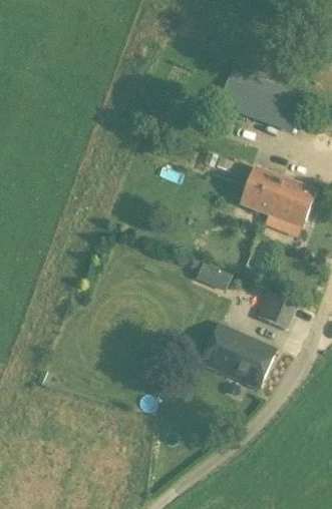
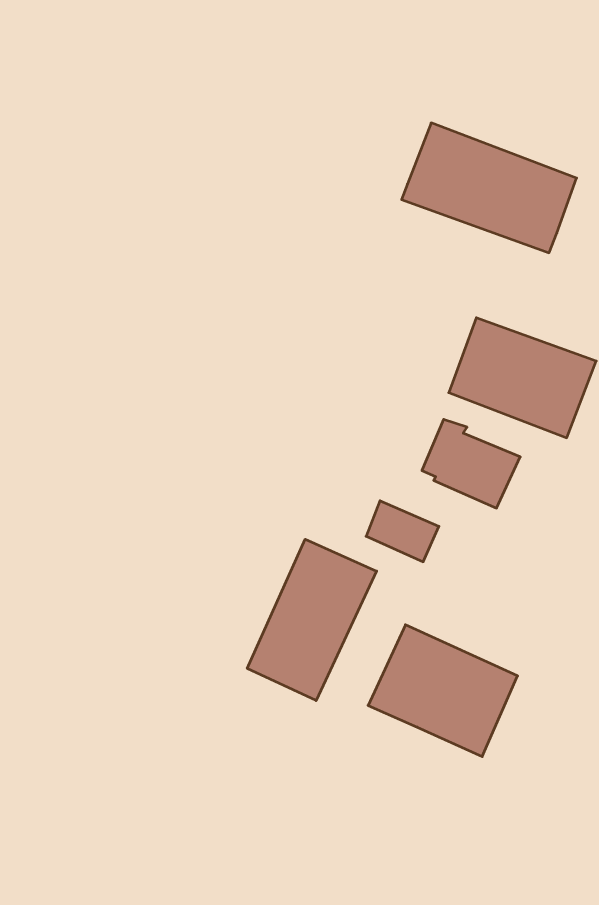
building: none -> [247,539,377,701]
building: [248,285,298,330] -> [422,419,520,508]

